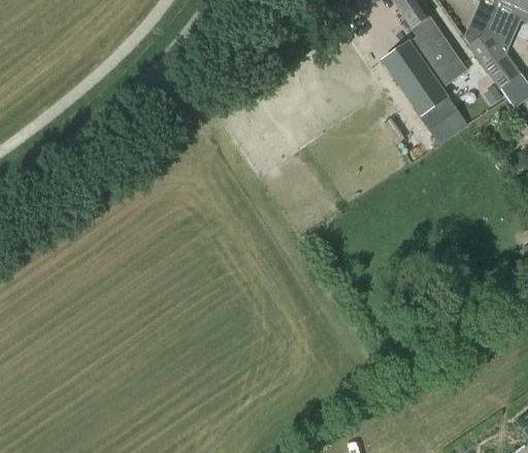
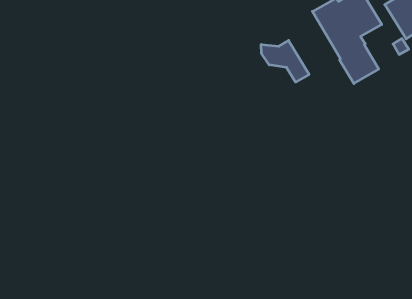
building: none -> [261,40,309,82]

